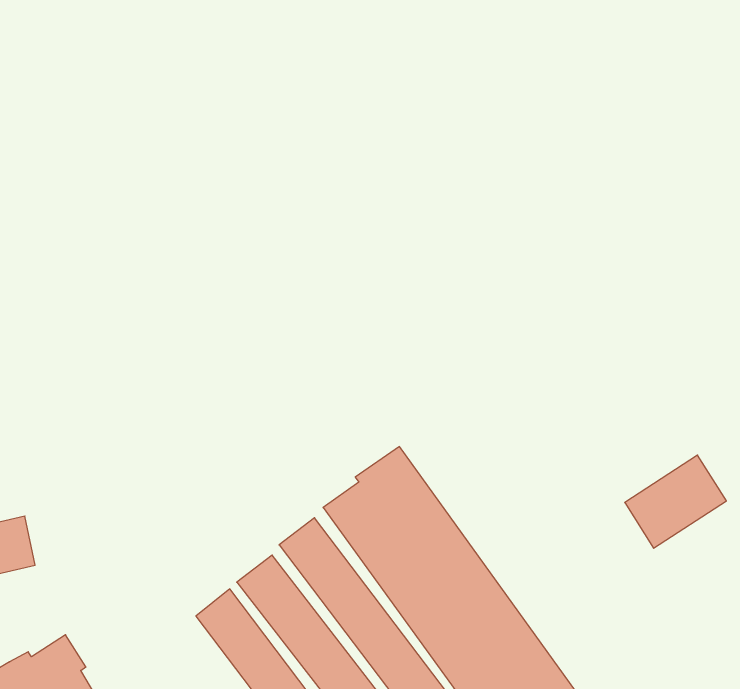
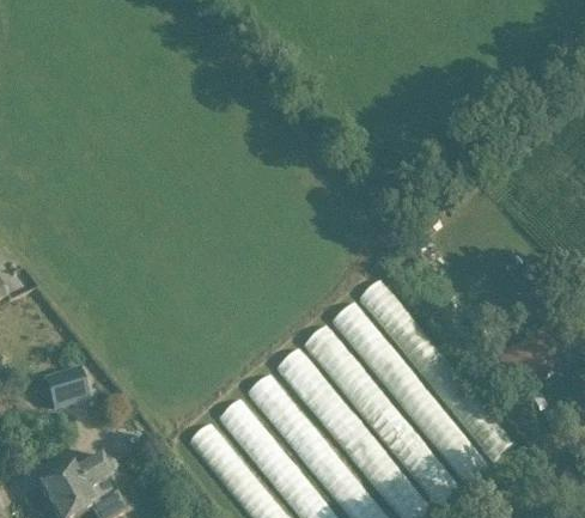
building: none -> [330,280,513,485]

